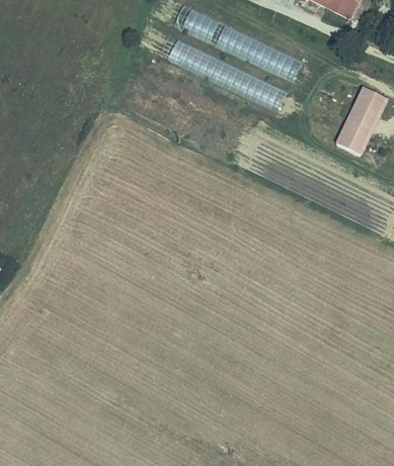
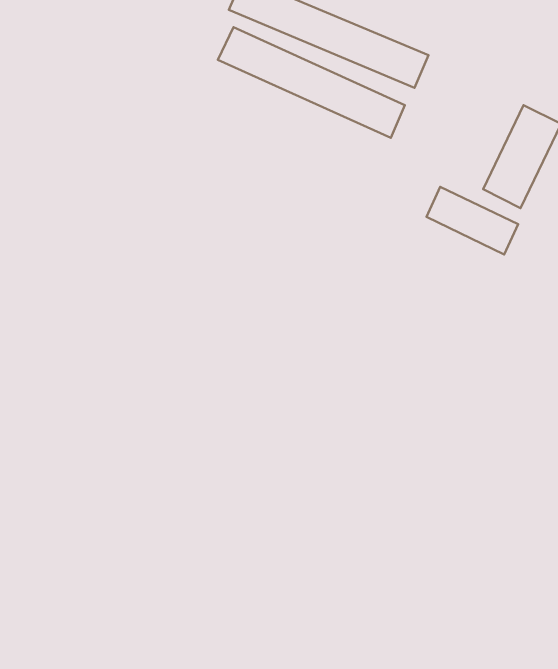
building: none -> [426,187,518,254]

